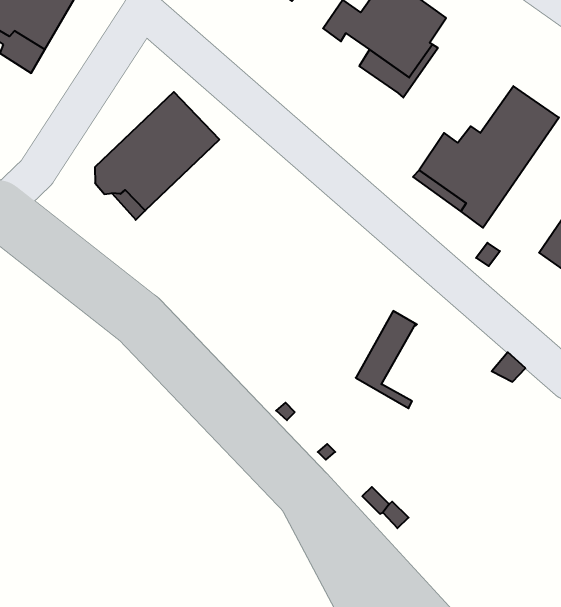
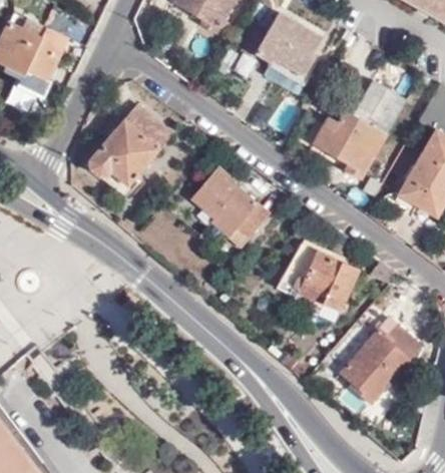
building: none -> [191,166,270,248]
building: none -> [298,250,358,311]
building: none -> [337,322,421,404]

